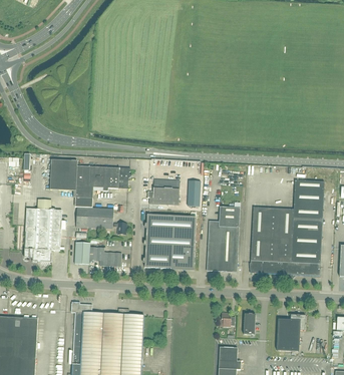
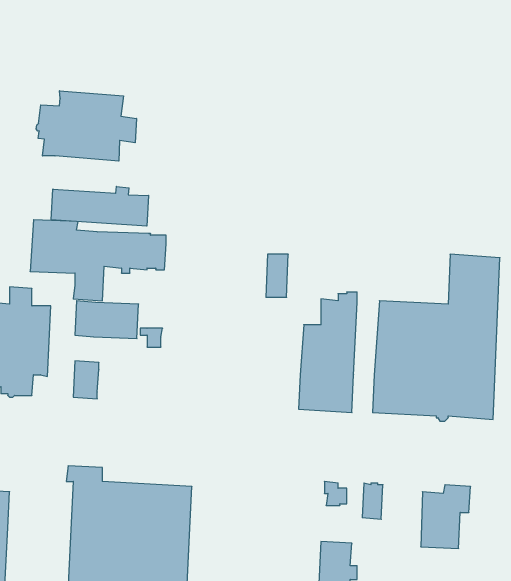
building: none -> [36,91,136,161]
building: none -> [51,186,149,226]
building: [145,178,180,205] -> none
building: [143,214,197,269] -> none
building: [88,247,121,266] -> none

